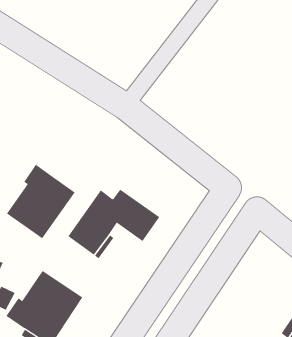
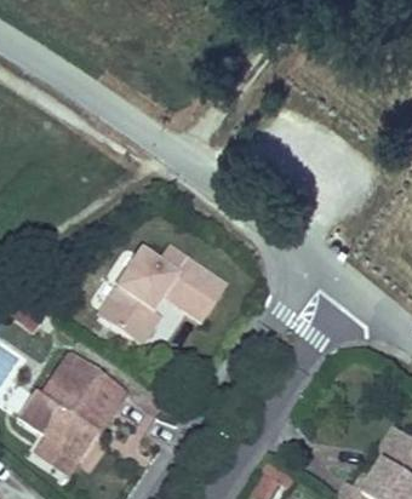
building: [6,164,76,239] -> none

